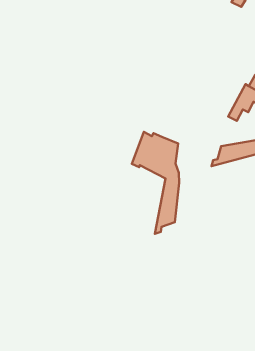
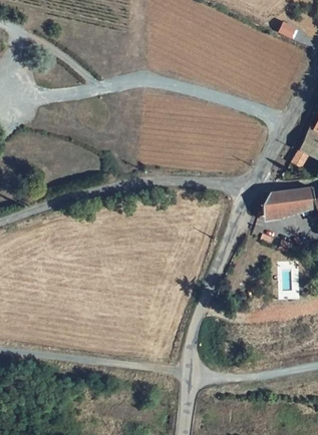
building: [132,132,179,234] -> none

